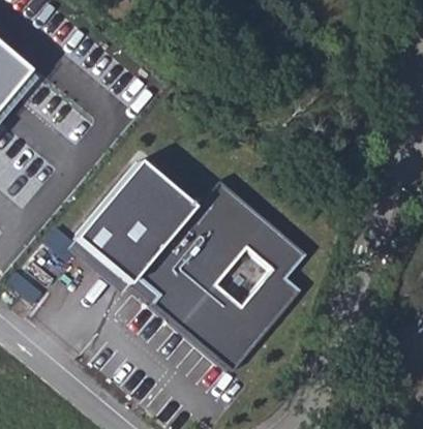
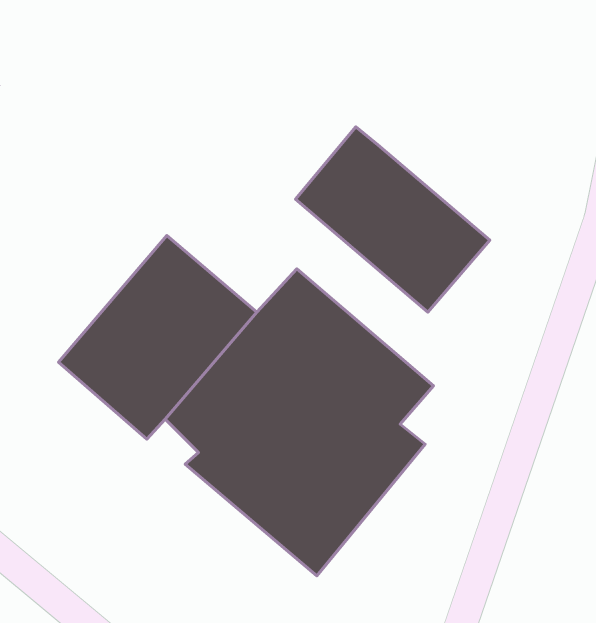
building: none -> [296,127,490,312]

